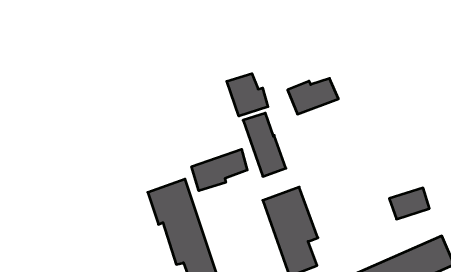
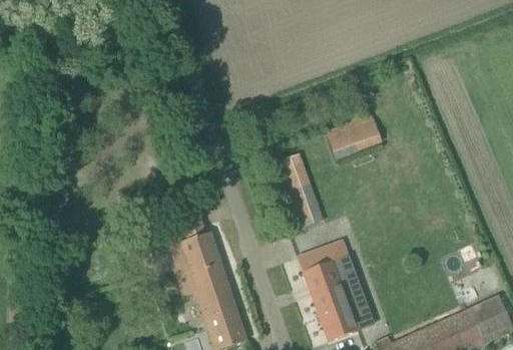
building: [227,74,268,116] -> none
building: [192,149,247,191] -> none

